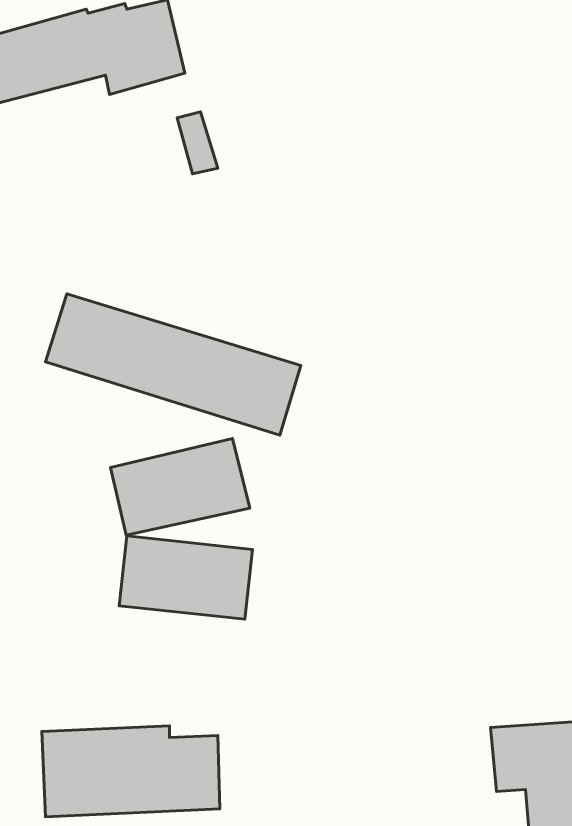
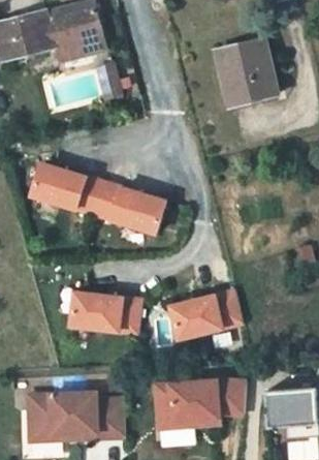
building: none -> [217,40,272,102]
building: [111,438,250,535] -> [168,288,243,340]
building: none -> [155,378,245,430]

